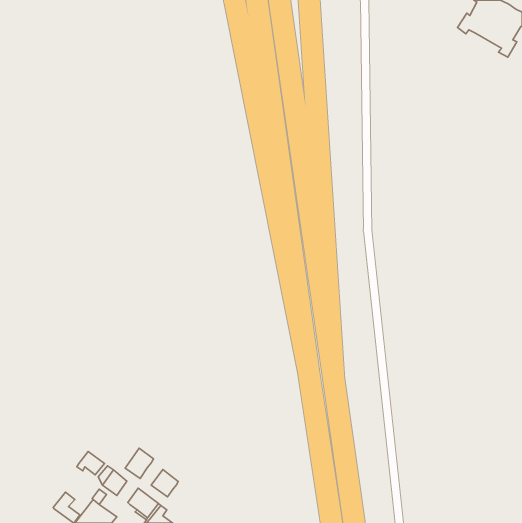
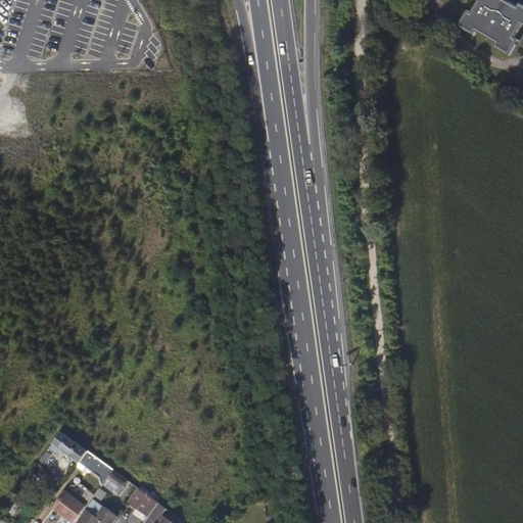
building: none -> [40,431,88,464]
building: [125,448,153,478] -> none
building: [151,470,178,497] -> none

